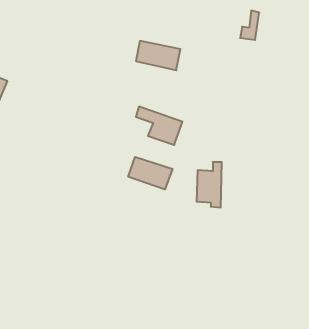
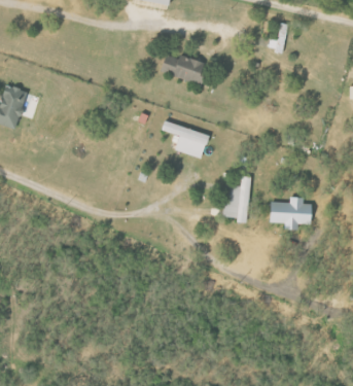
building: [128,157,172,189] -> none
building: none -> [270,197,313,230]

